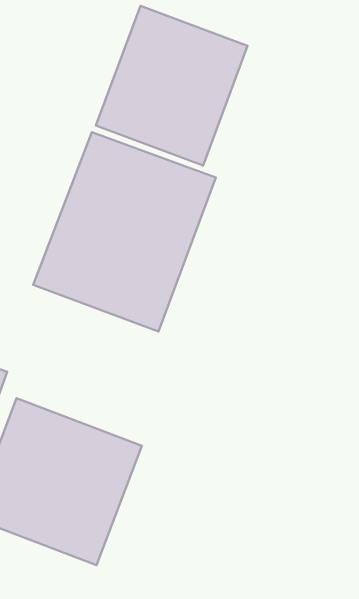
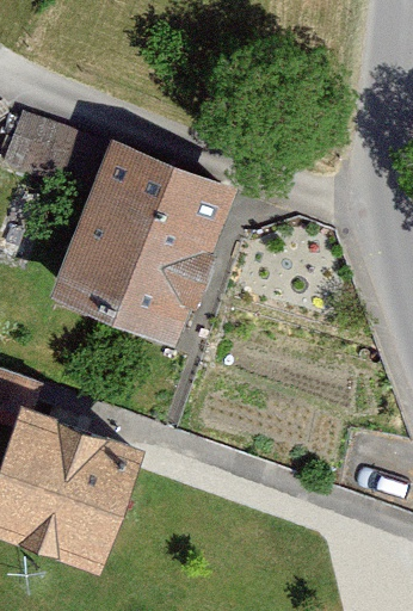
building: [96,6,248,165] -> none

